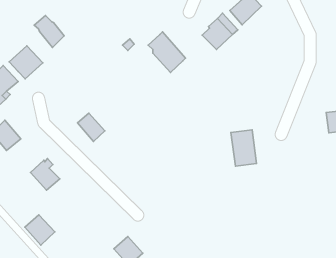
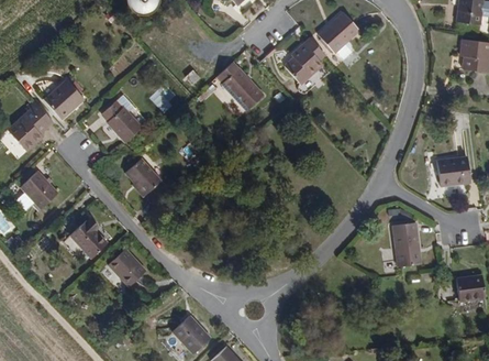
building: [34,16,64,47] -> [101,101,138,141]
building: [231,130,257,166] -> [391,221,423,266]
building: [25,215,55,245] -> [108,248,145,285]

